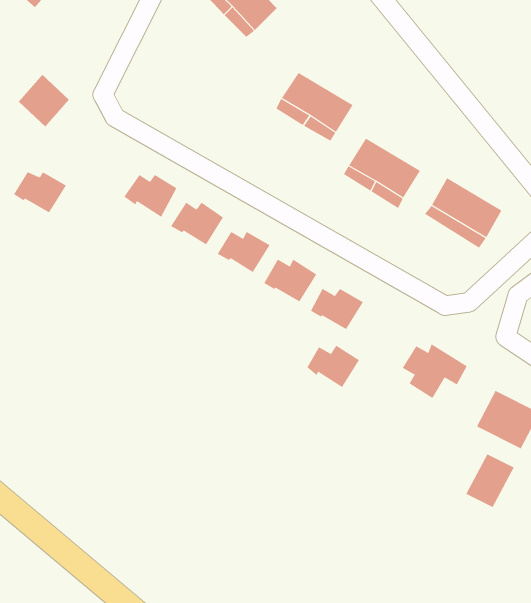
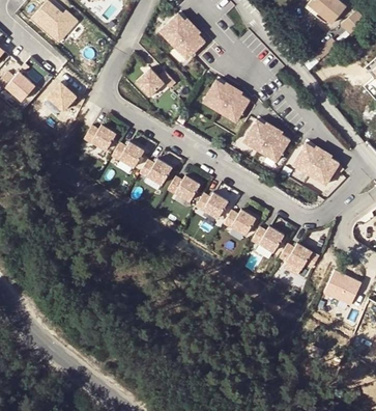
building: none -> [137,66,176,94]
building: [13,172,67,213] -> [85,124,117,148]
building: [306,345,360,388] -> [252,225,284,251]
building: [466,454,514,508] -> none

